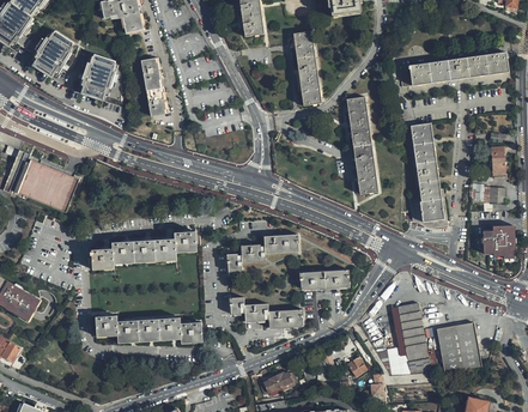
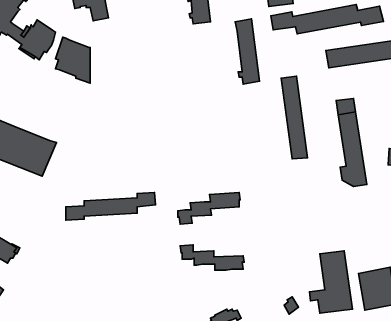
building: none -> [271,5,383,34]
building: [141,56,166,115] -> none
building: [298,267,348,286] -> none
building: [97,316,204,340] -> none

